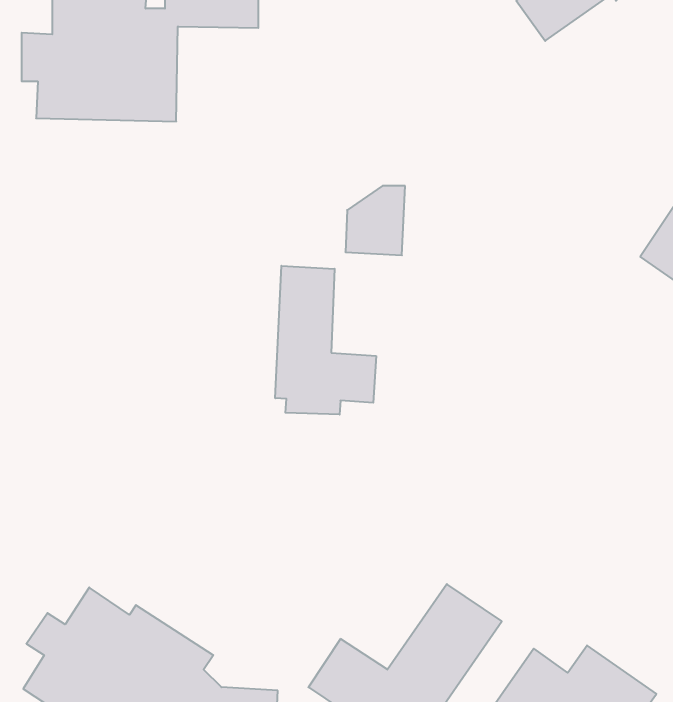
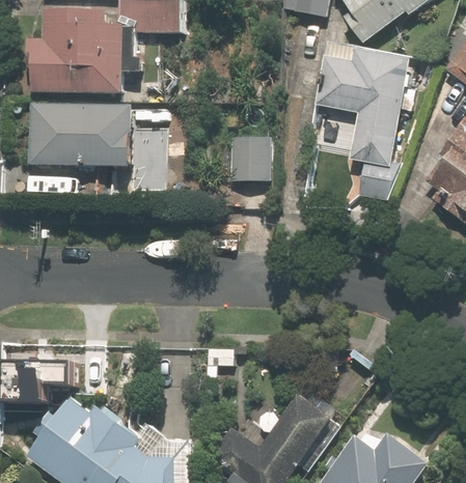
building: none -> [321,51,410,180]
building: none -> [30,103,161,167]
building: [275,266,376,415] -> none

